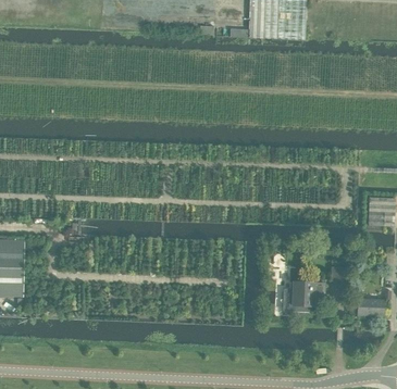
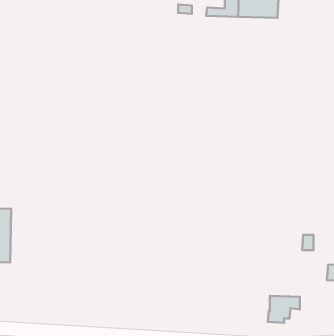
building: [289,283,323,311] -> [268,296,300,323]

